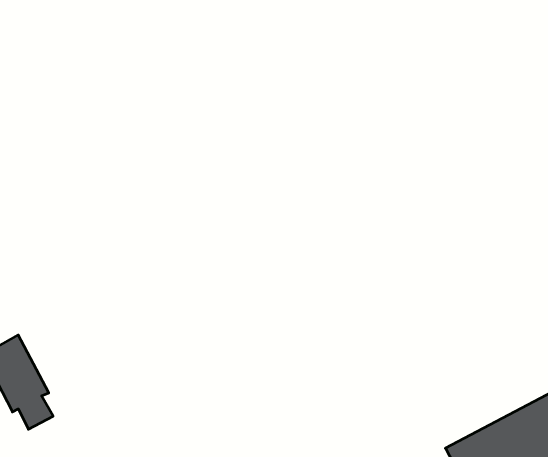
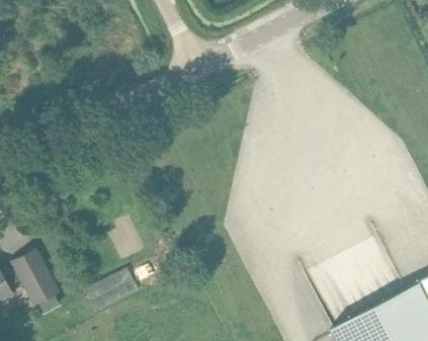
building: none -> [86,273,127,310]

